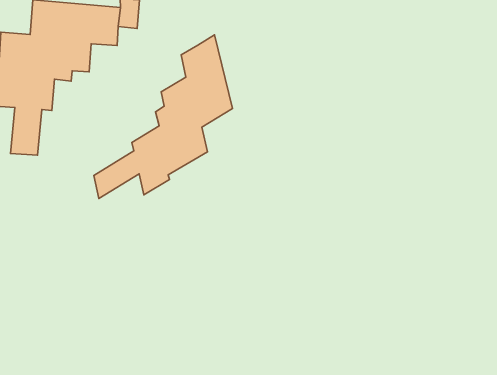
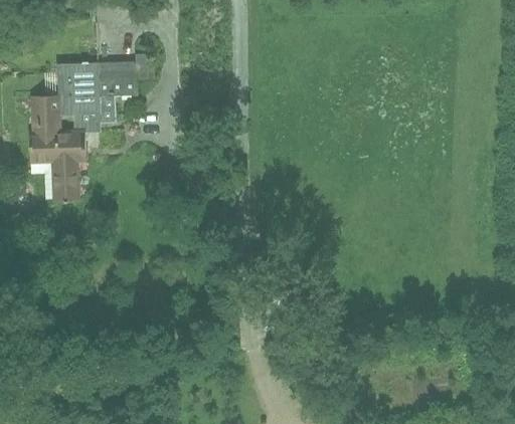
building: [94,35,232,198] -> none

